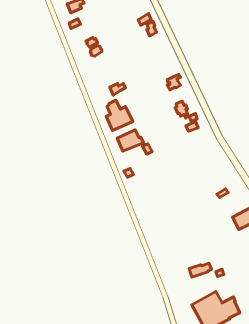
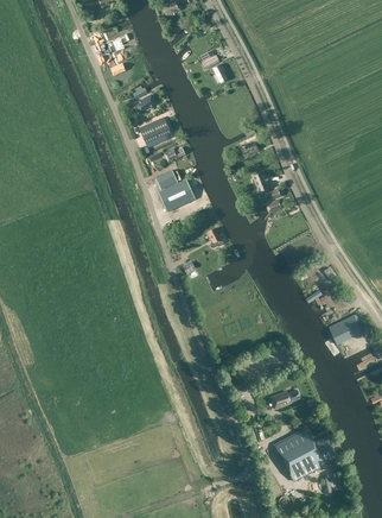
building: none -> [139,116,172,147]
building: [117,130,143,151] -> none

